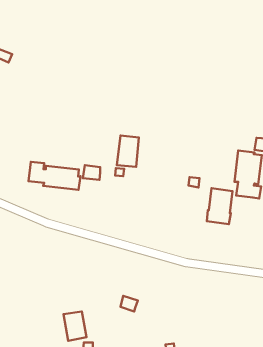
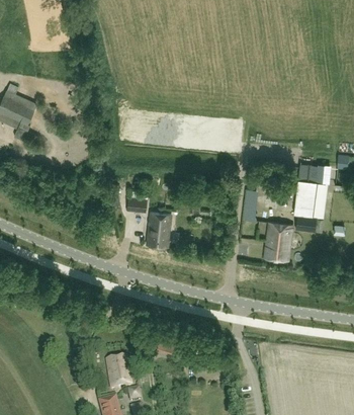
building: [117,136,139,167] -> [146,212,170,246]
building: [29,162,80,190] -> none

